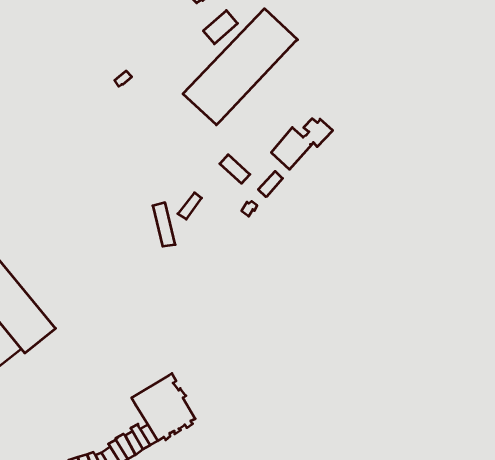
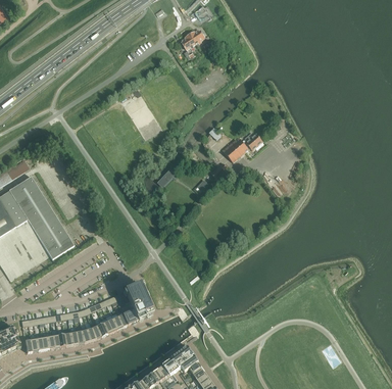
building: [183,9,298,125] -> none

